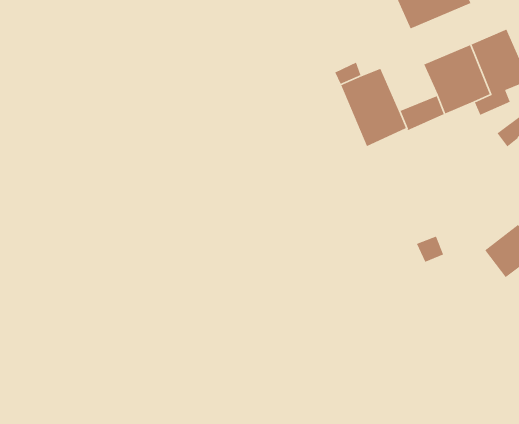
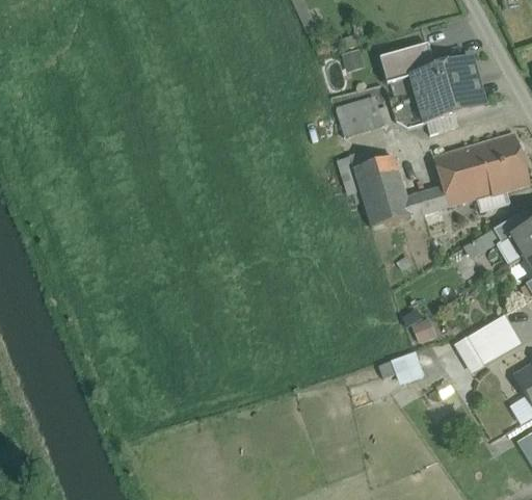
building: none -> [336,96,384,136]
building: none -> [454,335,486,371]
building: none -> [391,350,424,384]

